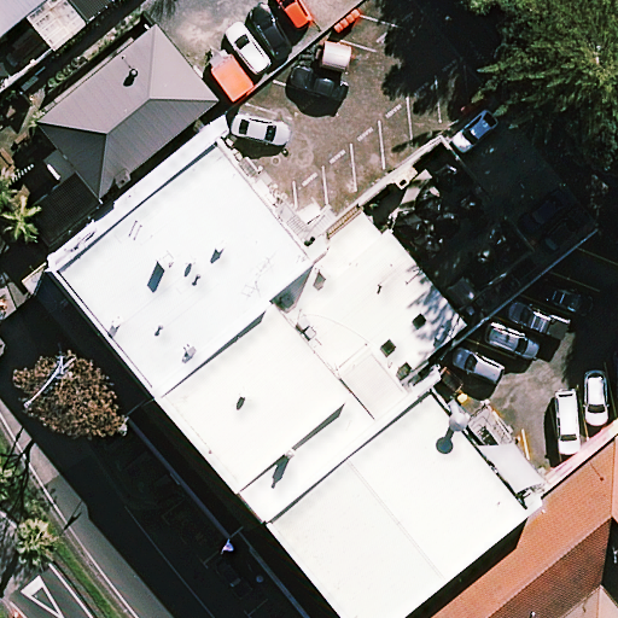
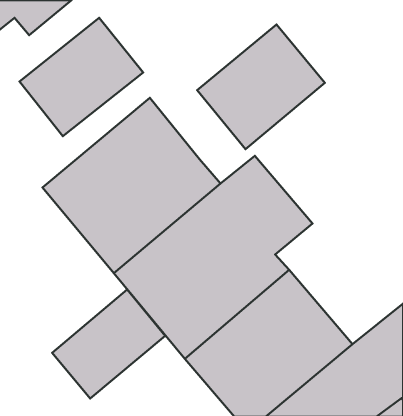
building: none -> [197,25,325,149]
building: none -> [52,289,165,399]

